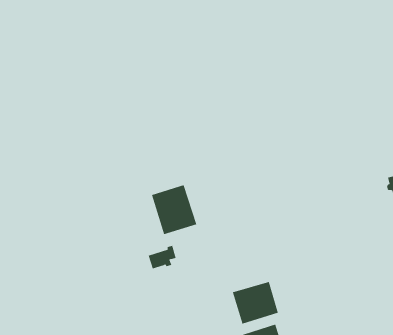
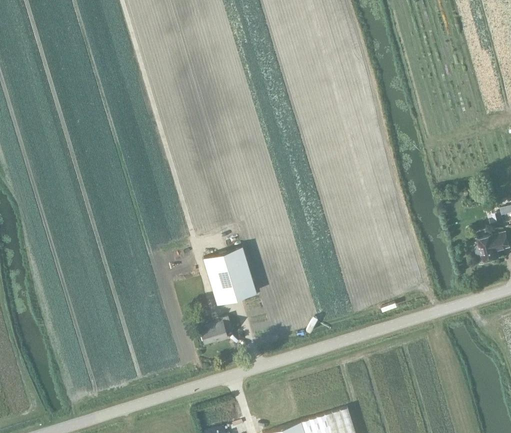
building: [232,281,279,324] -> none

